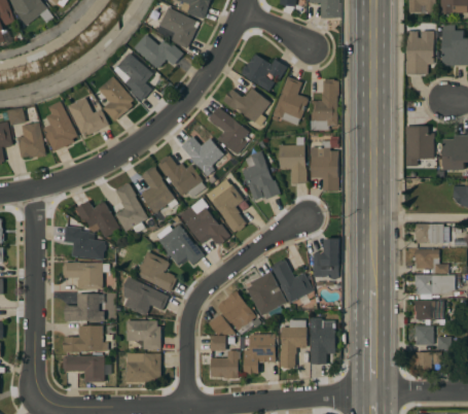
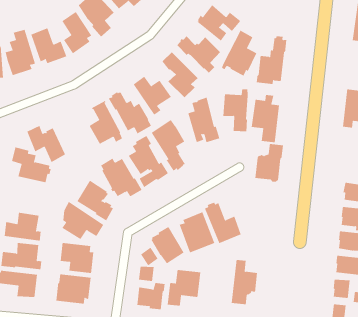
building: [114,182,147,233] -> none
building: [313,239,339,279] -> [254,143,284,182]
building: [62,262,108,289] -> none
building: [279,319,305,367] -> none

